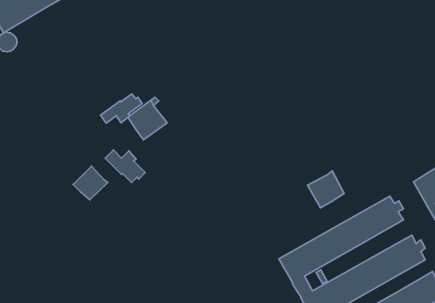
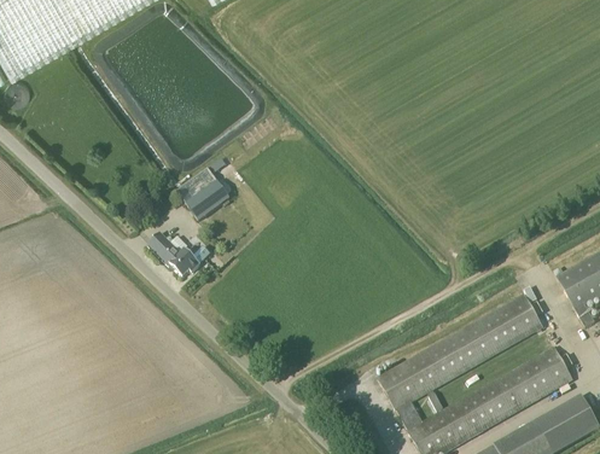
building: [101,94,142,123] -> none
building: [73,166,108,200] -> none
building: [307,171,344,208] -> none

